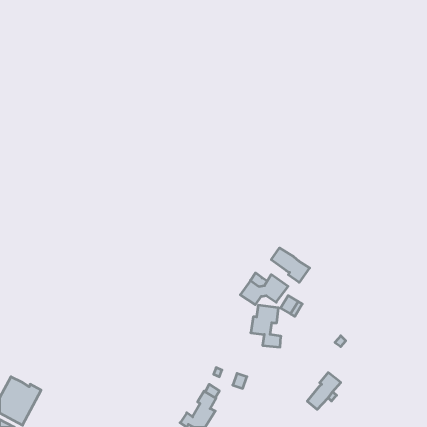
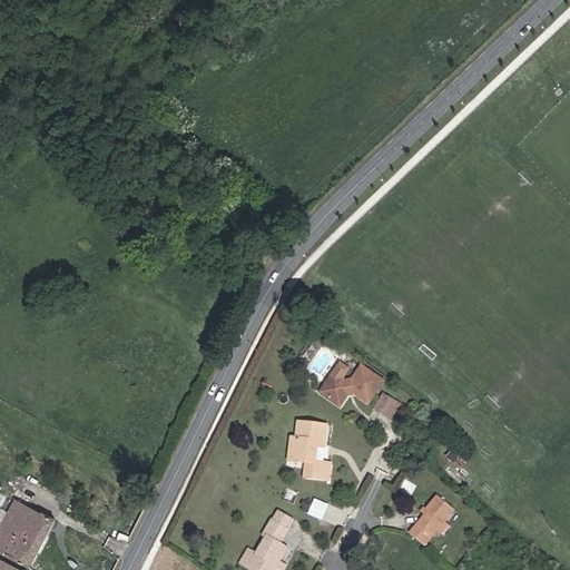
building: [271,248,310,282] -> none
building: [251,305,281,347] -> [288,422,328,478]

